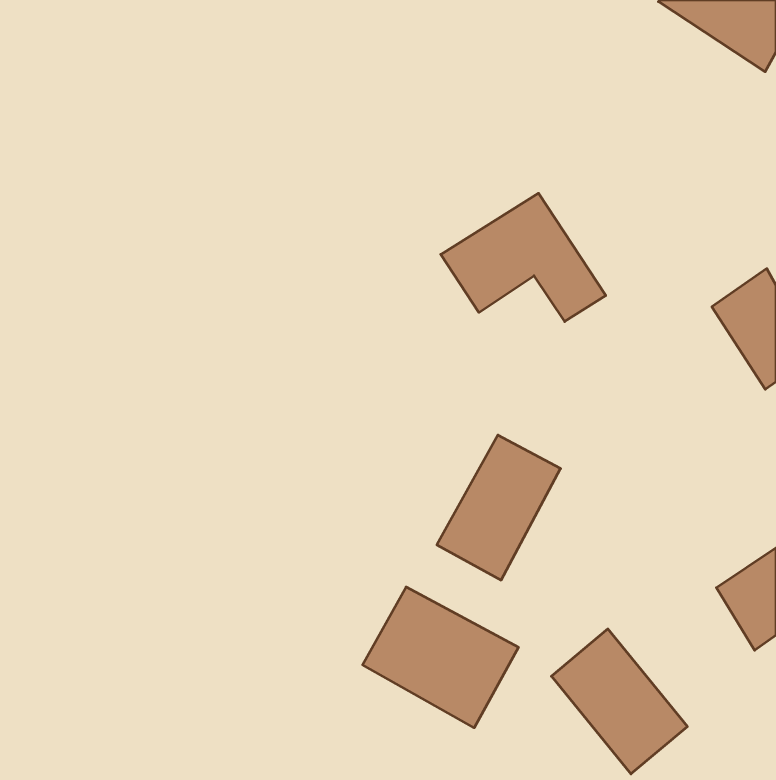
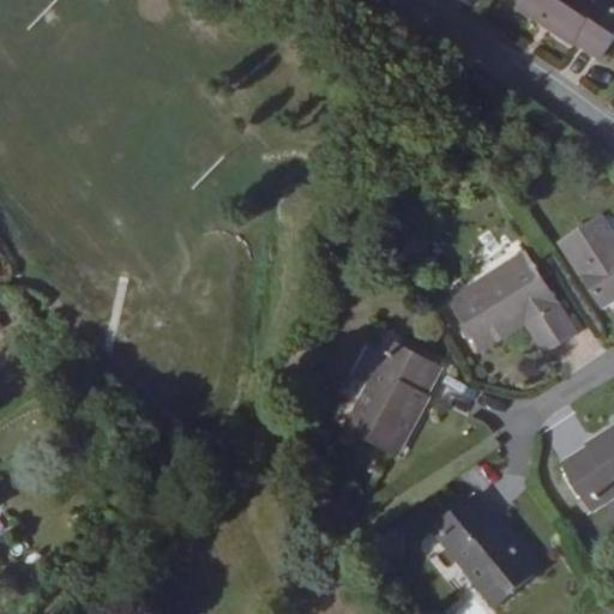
building: [441,193,606,322] -> [446,252,576,353]
building: [363,587,518,728] -> none

